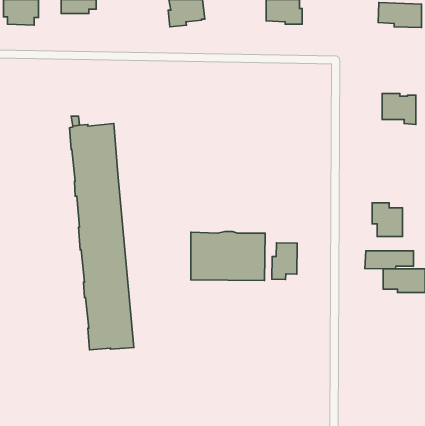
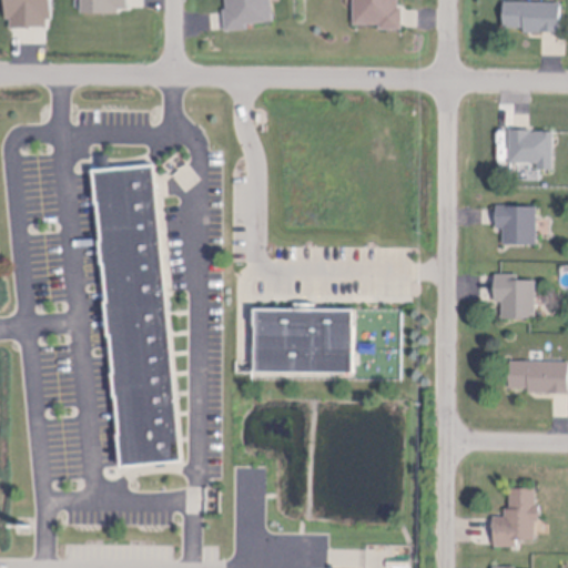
building: none -> [495,202,535,240]
building: [272,243,297,279] -> none
building: [365,251,414,269] -> none
building: none -> [491,484,540,541]

